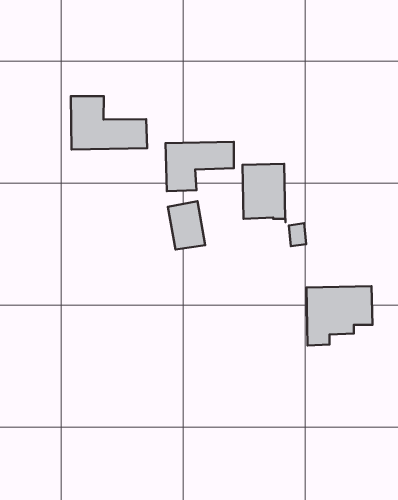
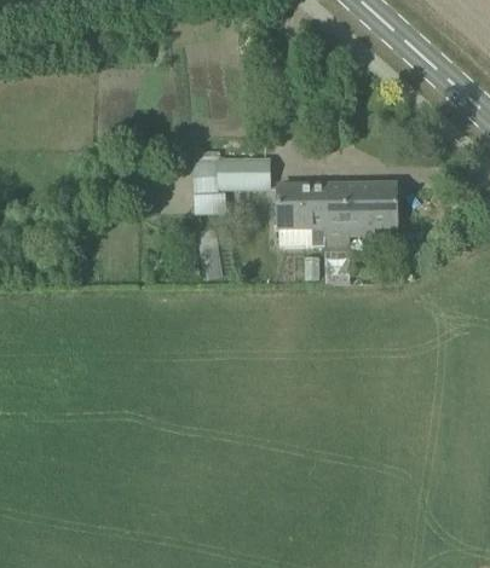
building: [71,96,147,150] -> none
building: [307,286,372,346] -> [324,180,397,245]

